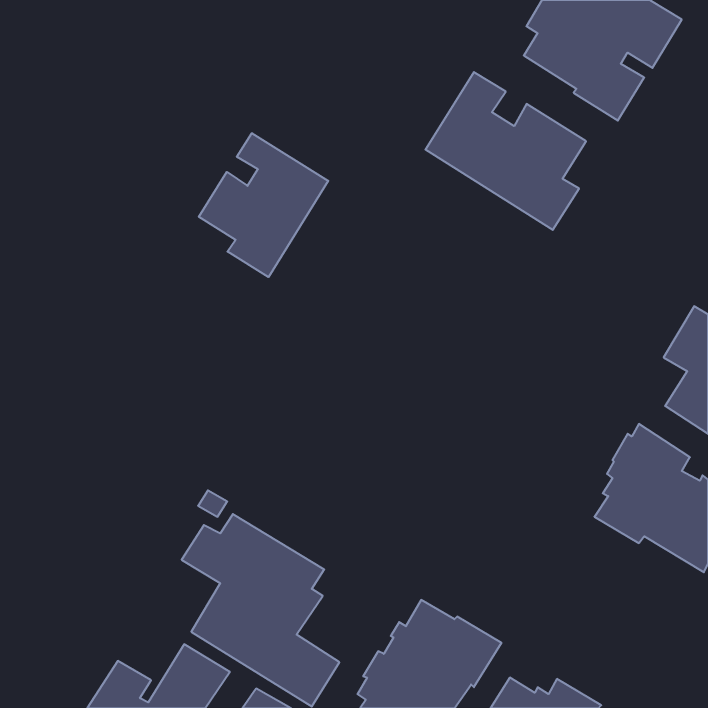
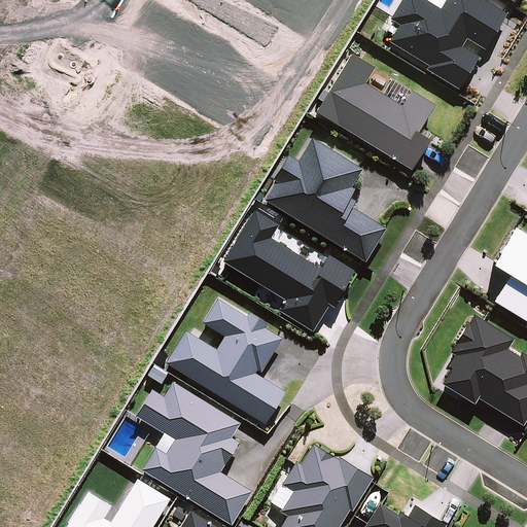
building: [199,133,328,277] -> none
building: none -> [265,139,387,262]
building: none -> [223,211,355,331]
building: none -> [166,300,285,424]

